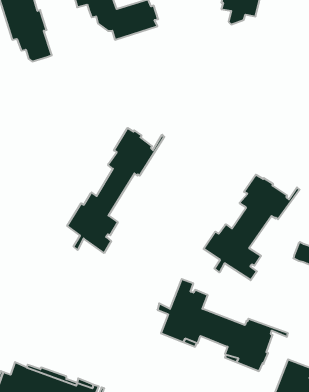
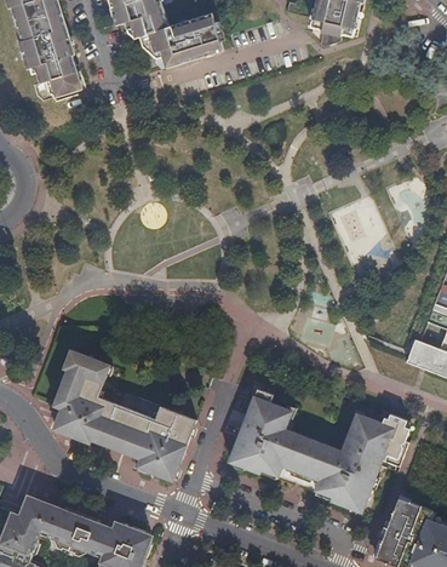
building: [67,128,164,253] -> none
building: [204,175,300,280] -> none
building: none -> [53,351,196,480]
building: none -> [345,414,408,462]

